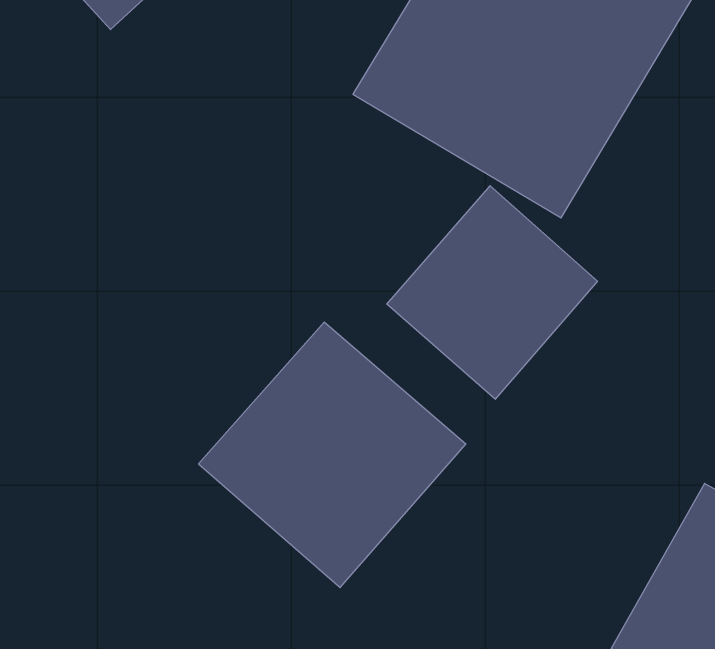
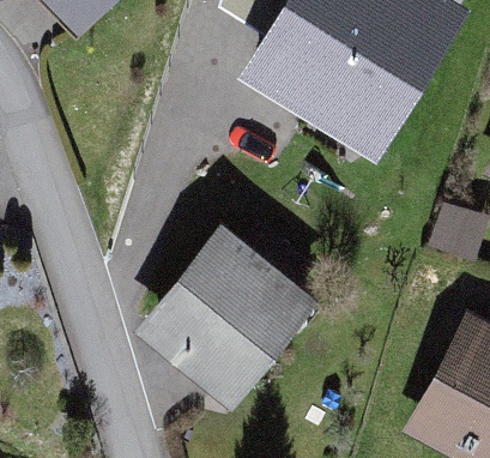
building: [387,186,597,399] -> none

